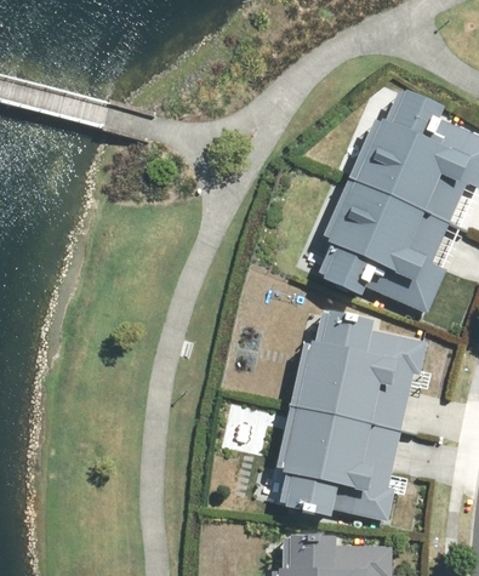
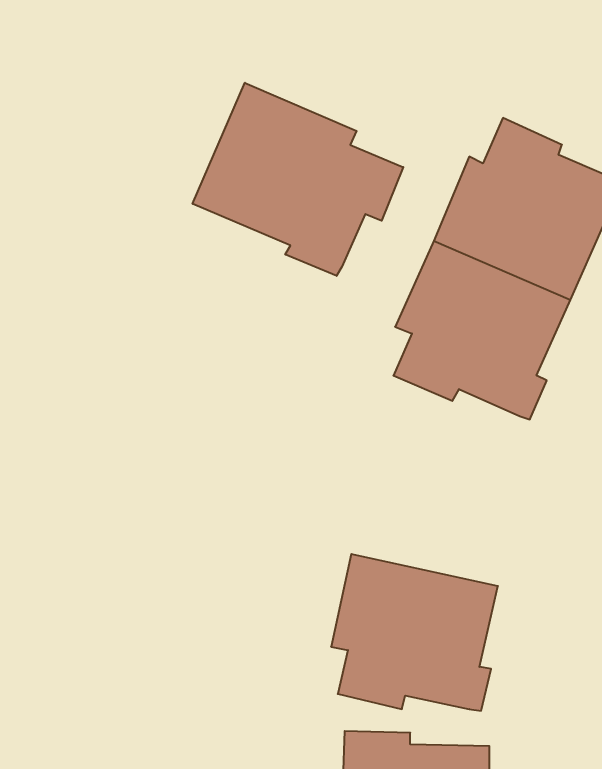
building: none -> [193,83,403,276]
building: [291,310,423,429] -> none

